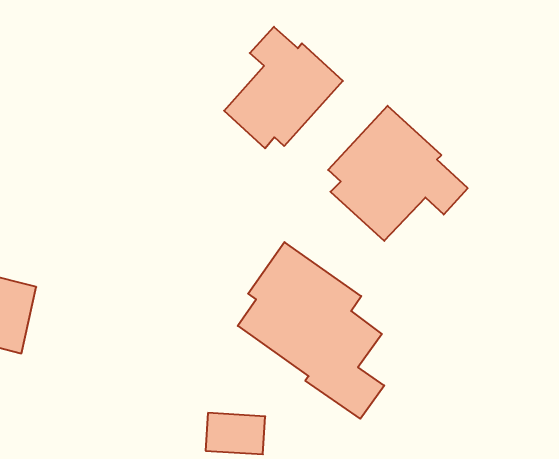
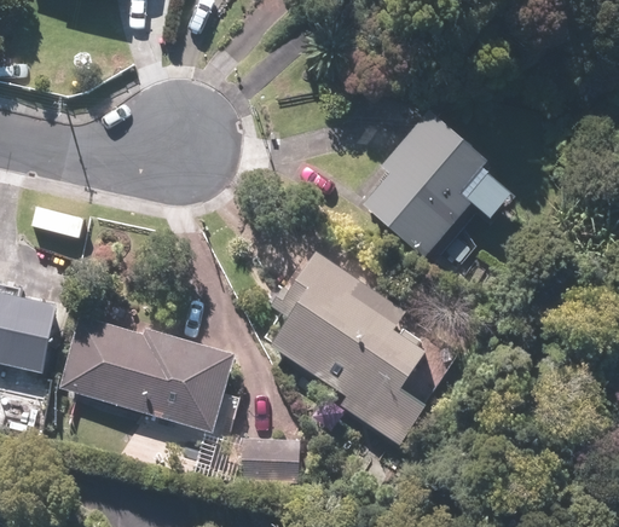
building: [224,27,343,148] -> none
building: none -> [58,317,236,433]

